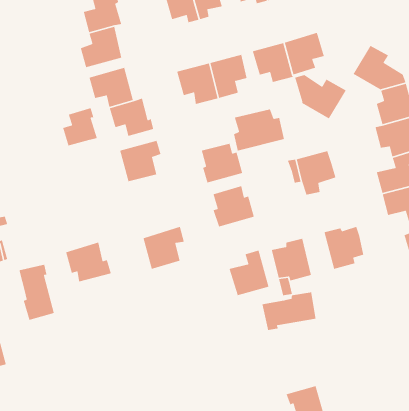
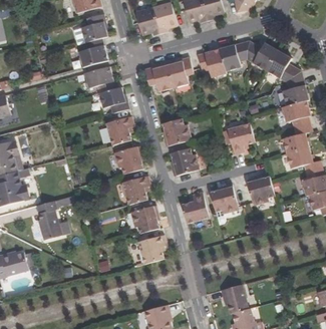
building: [294,74,347,119] -> [242,39,278,70]
building: [62,107,98,147] -> none
building: [233,108,285,152] -> none
building: [65,242,112,283] -> [113,145,145,174]
building: none -> [129,206,161,234]
building: [261,292,317,331] -> none
building: none -> [137,235,167,264]

